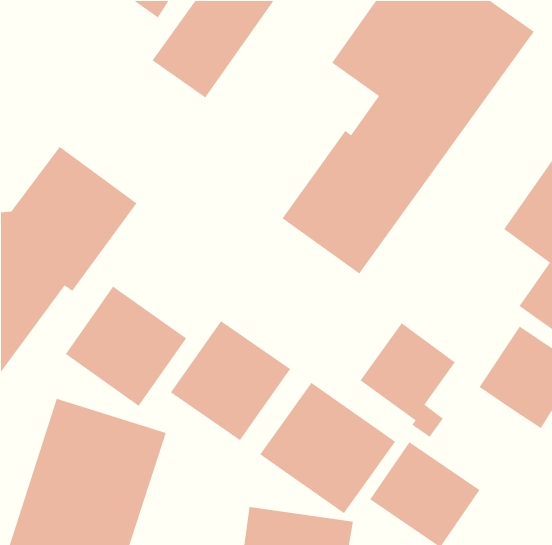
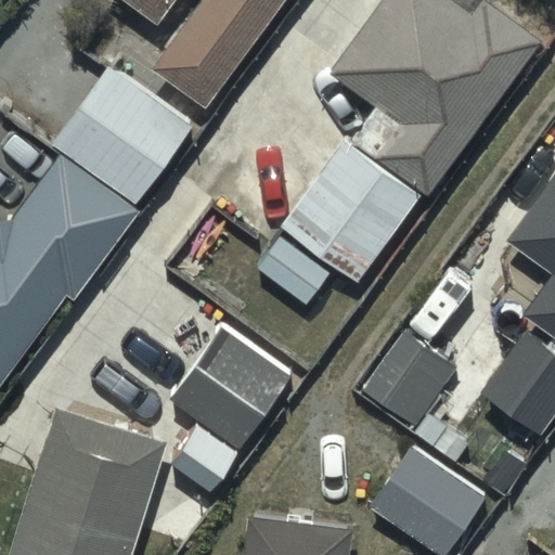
building: none -> [52,63,192,202]
building: [65,286,187,407] -> none
building: [259,382,396,514] -> none

